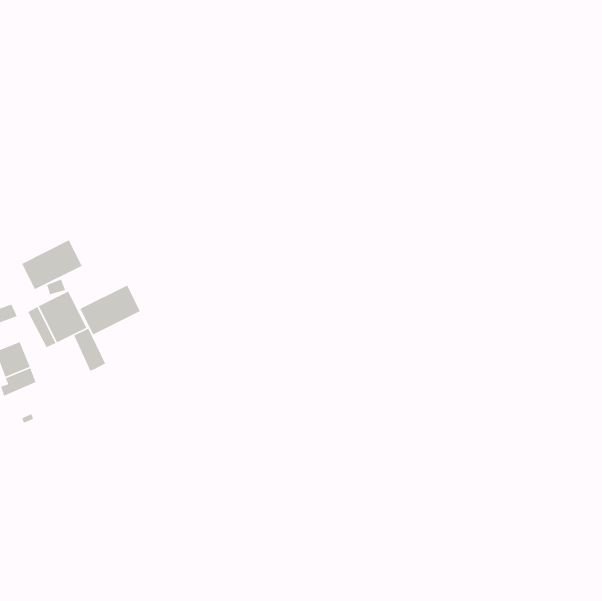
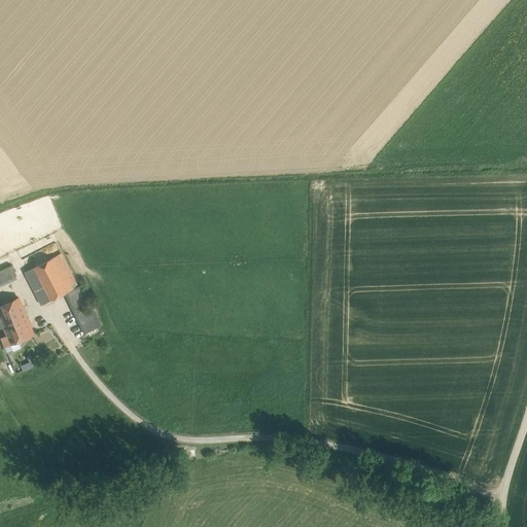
building: [21,239,83,290] -> none
building: [79,284,141,336] -> none

